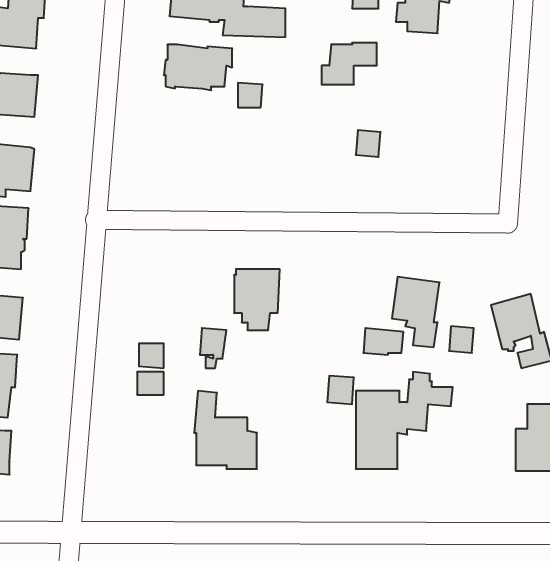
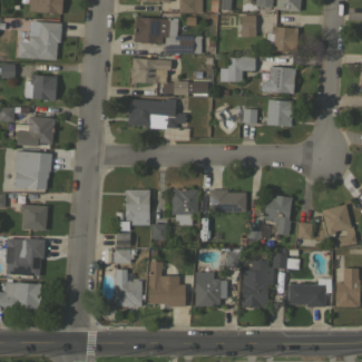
building: none -> [268,67,296,94]
building: none -> [128,99,186,129]
building: none -> [265,99,293,126]
building: none -> [125,189,149,225]
building: none -> [208,189,246,212]
building: none -> [116,270,141,306]
building: none -> [195,272,227,307]
building: none -> [288,278,332,307]

